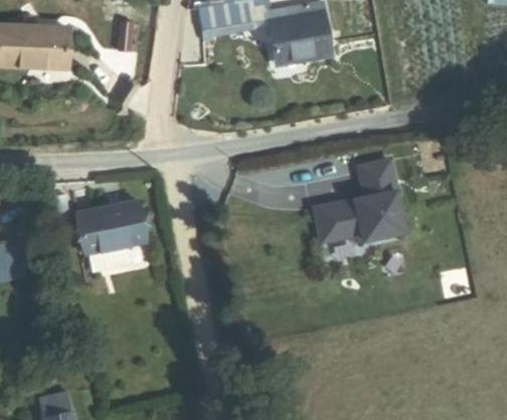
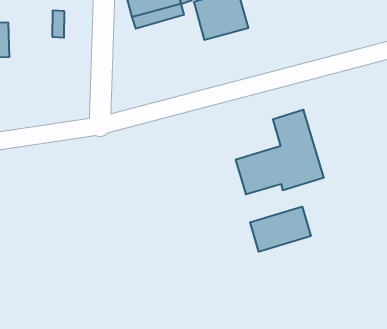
building: [70,192,144,265] -> none
building: none -> [250,207,311,252]

